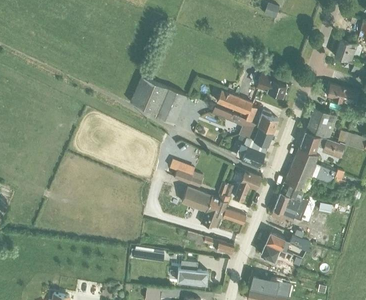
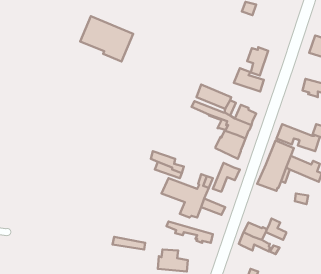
building: none -> [247,47,268,76]
building: [130,76,185,123] -> [80,16,133,62]
building: [305,107,336,139] -> none
building: [270,192,317,218] -> none

